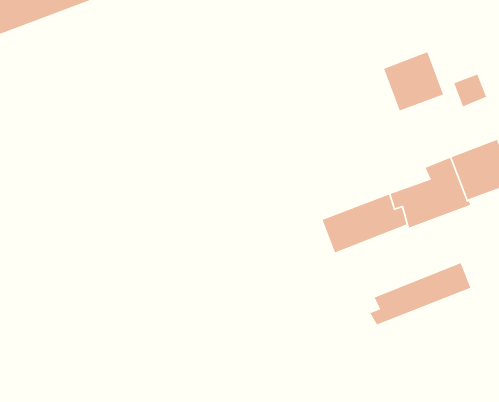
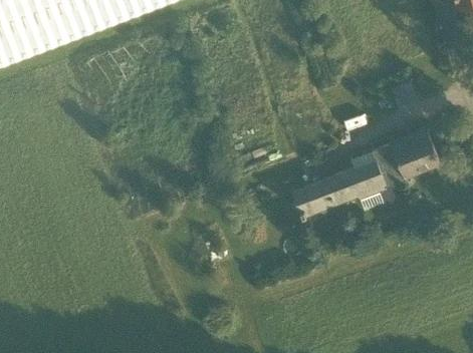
building: [383,51,444,111] -> none
building: [369,262,471,326] -> none

